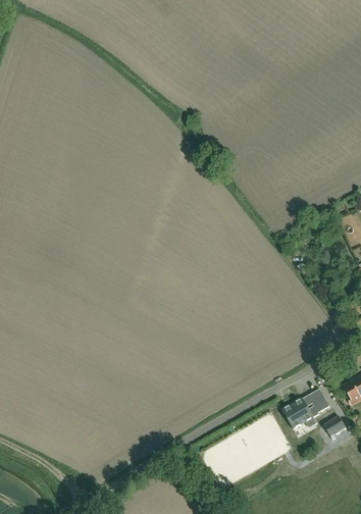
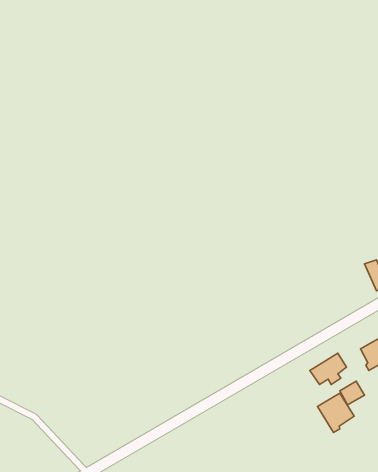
building: none -> [317,393,354,433]

